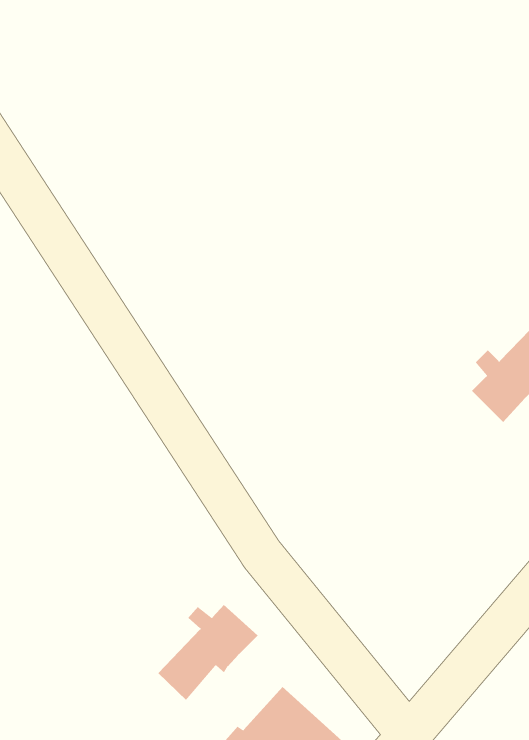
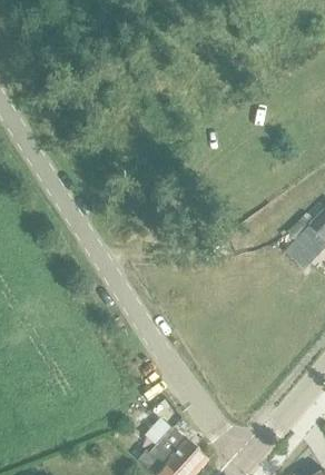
building: [157,604,259,701] -> none

